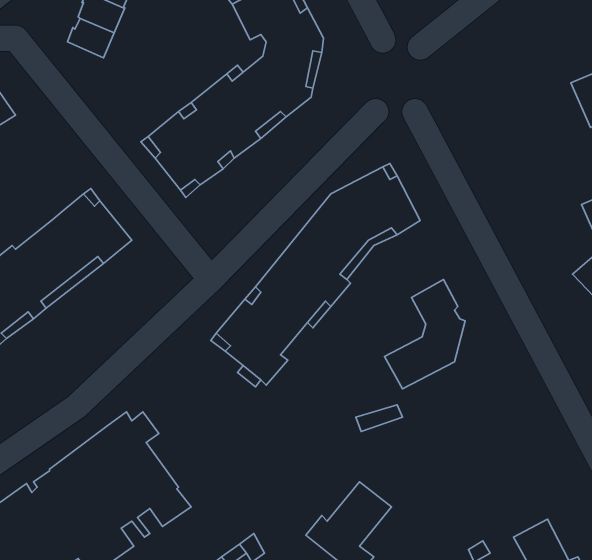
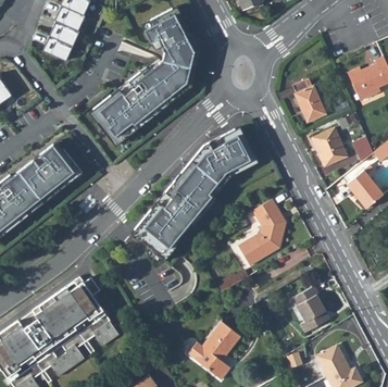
building: none -> [295,82,329,126]
building: none -> [316,132,351,170]
building: none -> [289,283,324,329]

